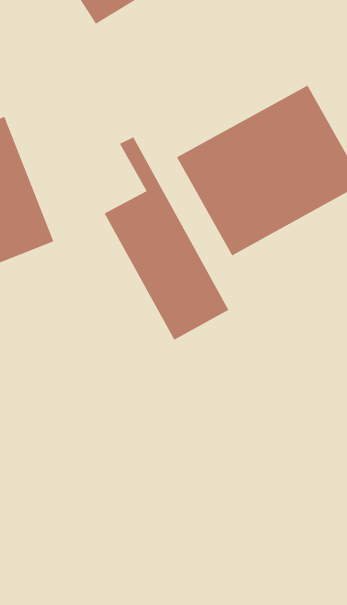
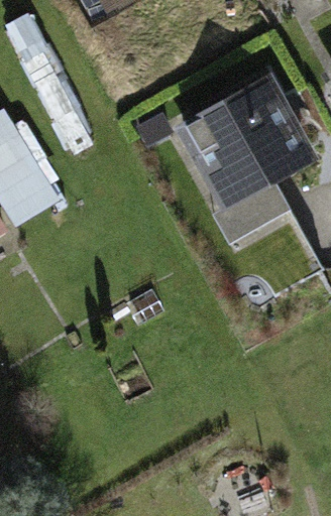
building: [104,136,229,340] -> none

